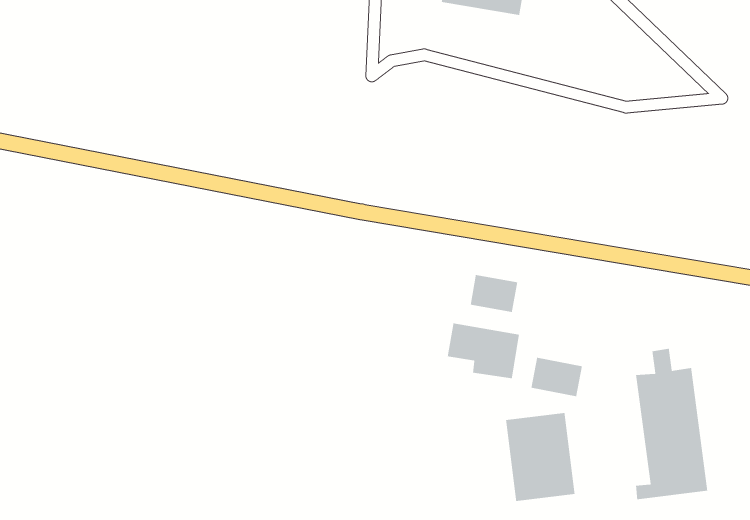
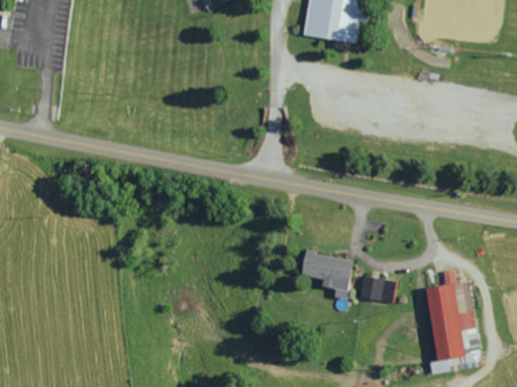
building: [470,274,518,313] -> none
building: [505,412,575,502] -> none

